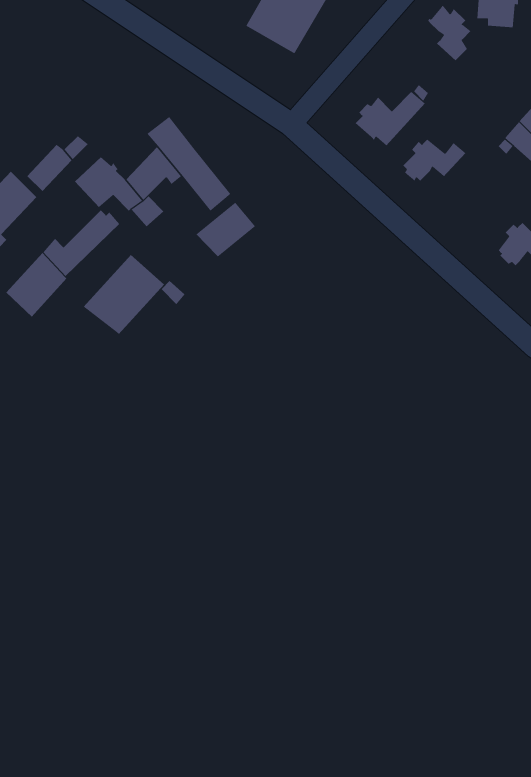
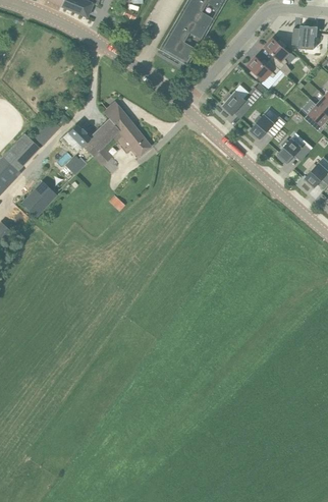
building: none -> [248,55,280,80]
building: none -> [277,137,311,163]
building: [195,202,256,258] -> none
building: [83,254,165,335] -> none

